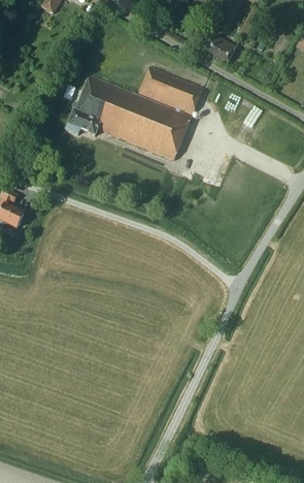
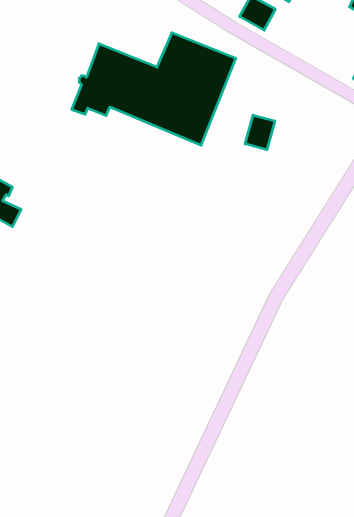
building: none -> [245,115,275,150]

